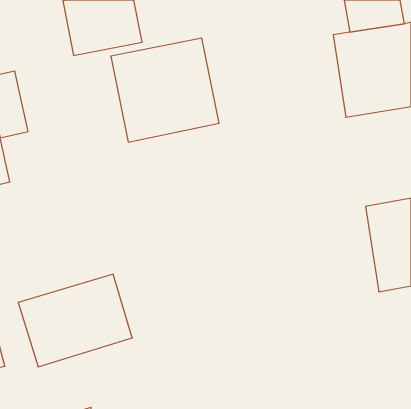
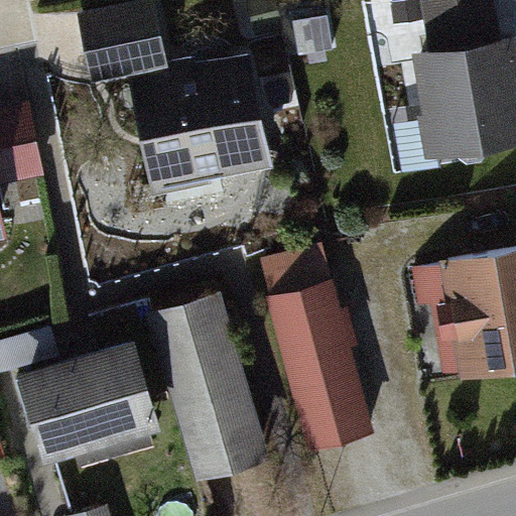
building: none -> [256,250,375,445]
building: none -> [145,299,271,475]

